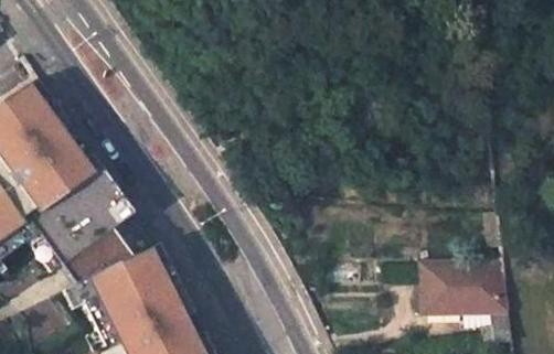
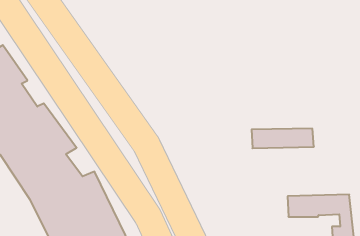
building: [418,256,502,282] -> [252,129,314,148]

